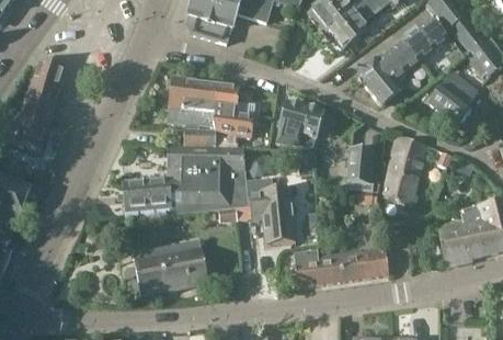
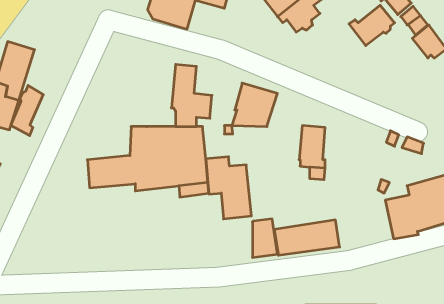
building: [359,37,418,103] -> none
building: [431,69,479,124] -> none
building: [170,76,217,146] -> none
building: none -> [11,85,43,136]
building: [385,136,425,204] -> none
building: [136,240,208,293] -> none

